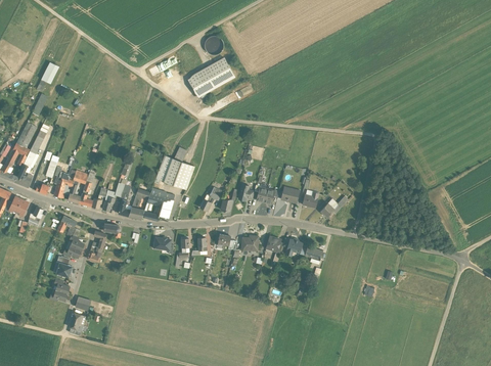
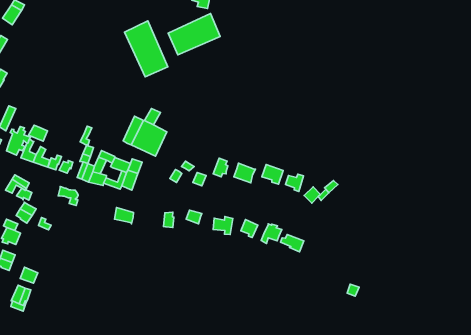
building: none -> [124,21,168,77]

